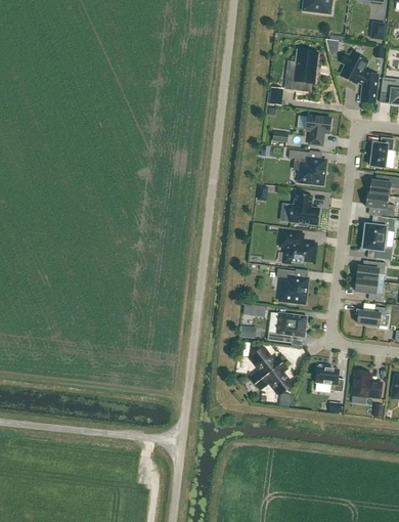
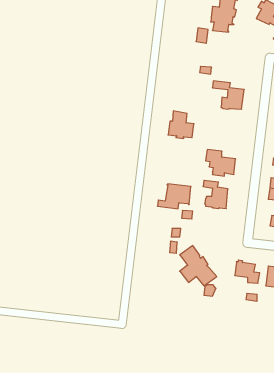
building: [306,115,331,144] -> none
building: [290,192,320,225] -> [168,111,194,138]
building: [267,312,307,342] -> [157,184,191,209]

